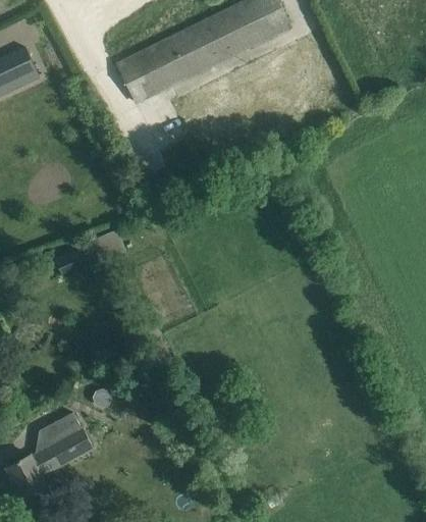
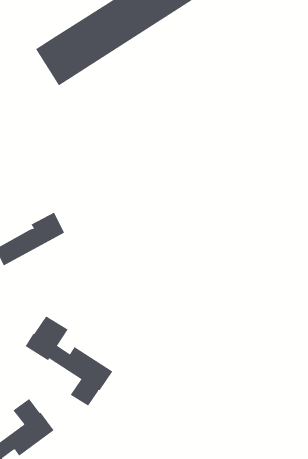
building: none -> [25,315,113,406]

